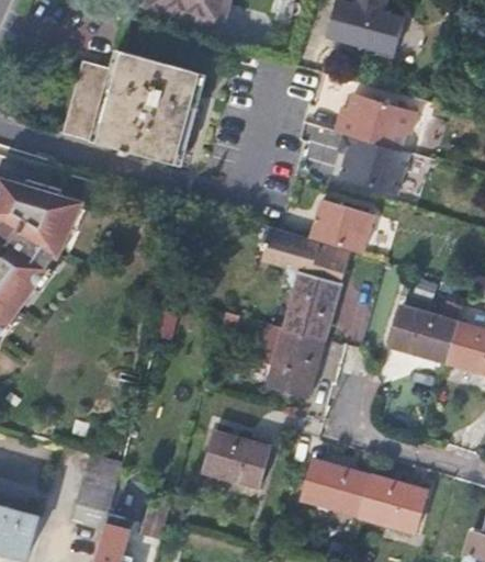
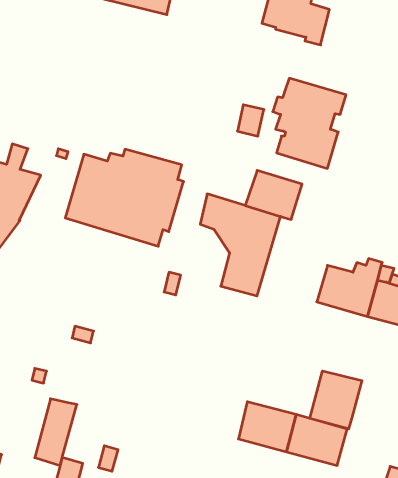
building: [65,55,198,164] -> [65,149,184,246]
building: [258,324,324,395] -> none
building: none -> [310,371,362,429]
building: [203,431,269,487] -> none

